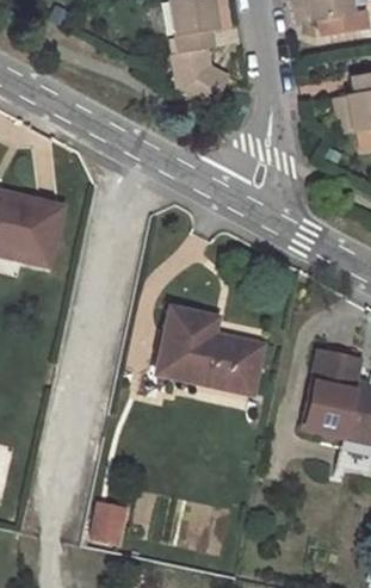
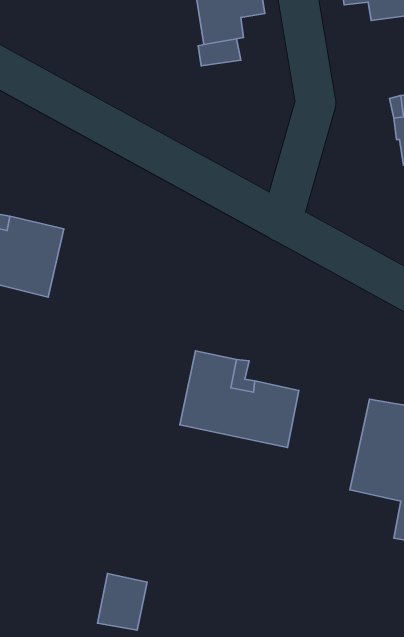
building: [177,64,228,104] -> none

